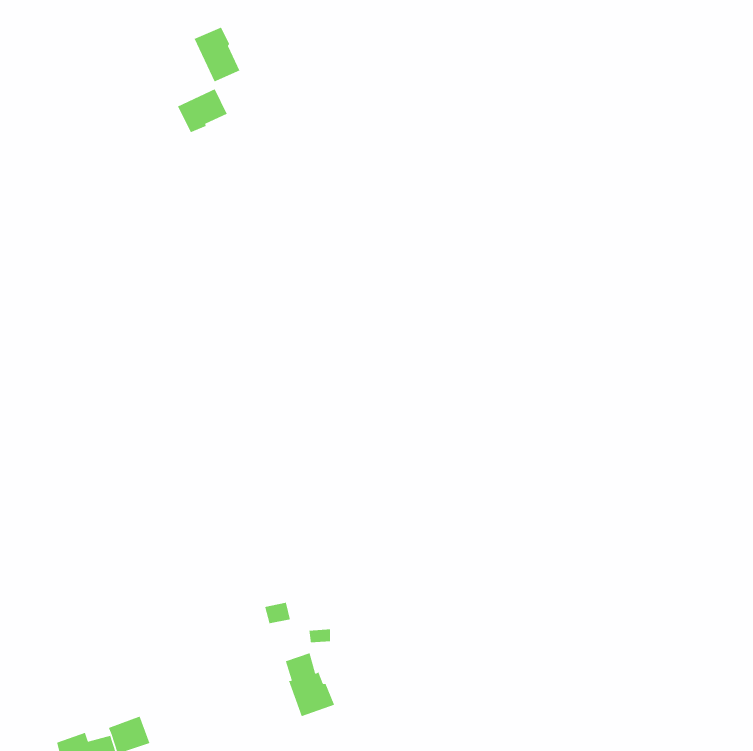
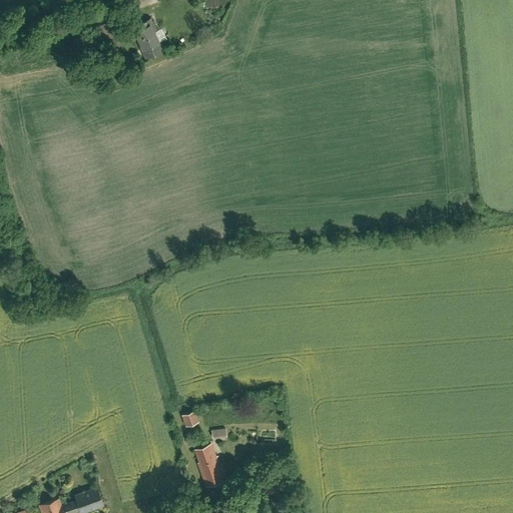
building: [177,88,228,133] -> none

